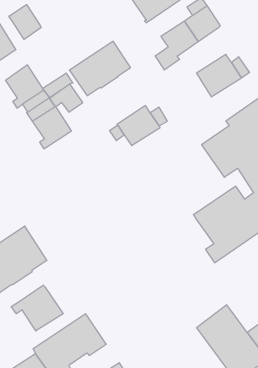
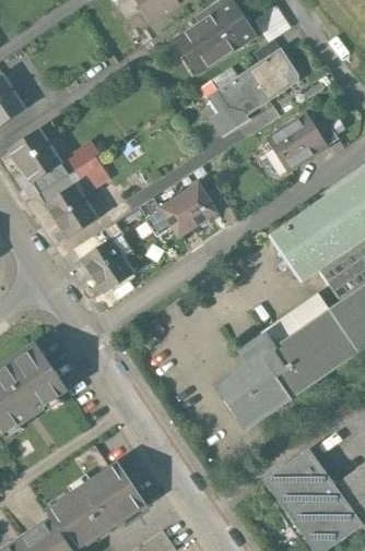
building: [9,5,41,39] -> none
building: [70,41,130,96] -> none
building: none -> [82,240,133,297]
building: none -> [214,336,290,428]
building: [11,285,63,331] -> none

